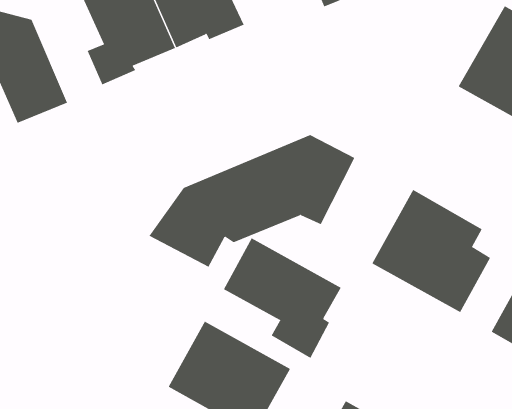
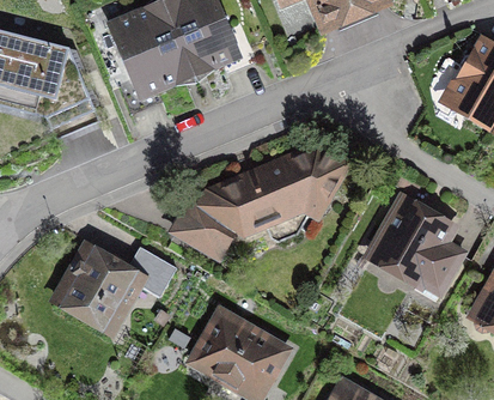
building: [223,238,341,359] -> none
building: none -> [55,242,175,328]

